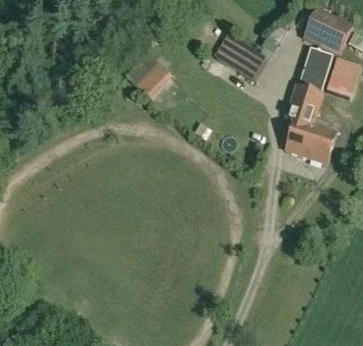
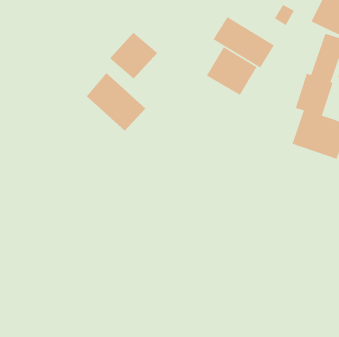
building: none -> [206,46,257,96]
building: none -> [86,72,146,131]

